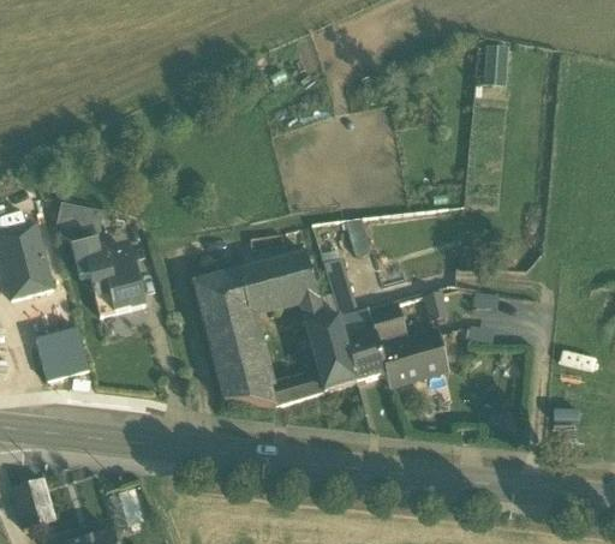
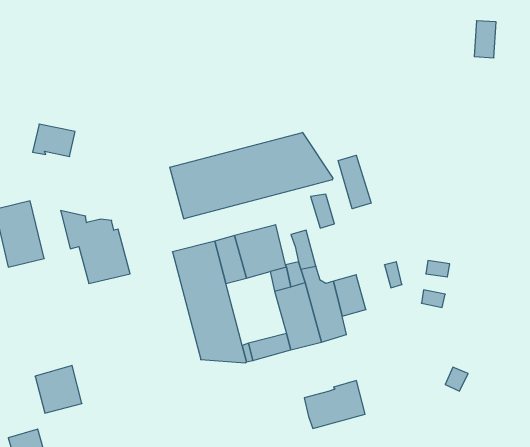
building: [484,46,508,86] -> [474,21,496,58]
building: none -> [170,132,333,219]
building: none -> [338,155,371,209]
building: [56,205,103,241] -> [33,124,75,157]
building: [37,327,89,379] -> [35,365,82,413]
building: [381,333,448,385] -> [304,381,365,428]

